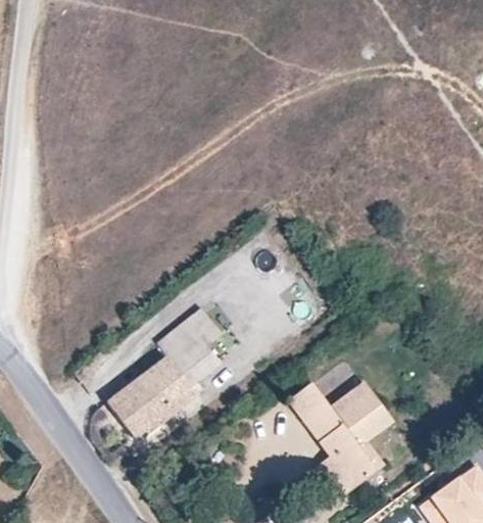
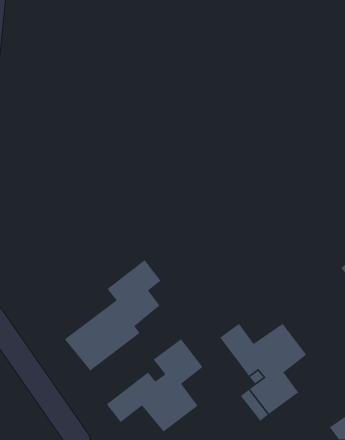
building: none -> [106,338,204,432]

